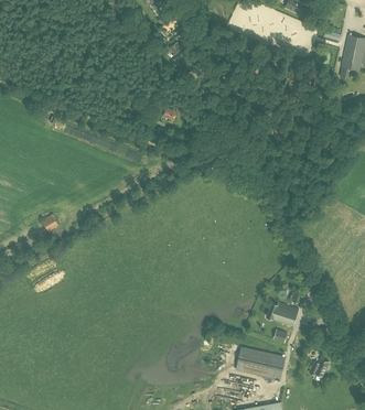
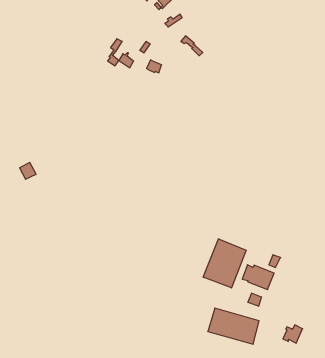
building: none -> [203,239,246,288]

